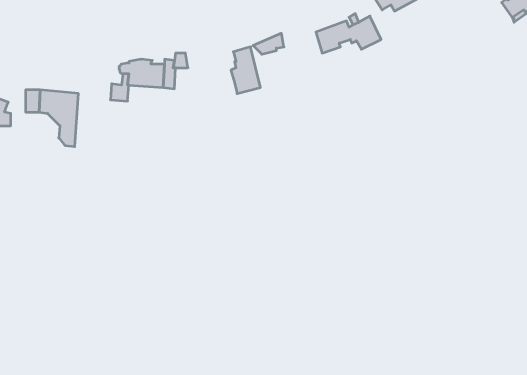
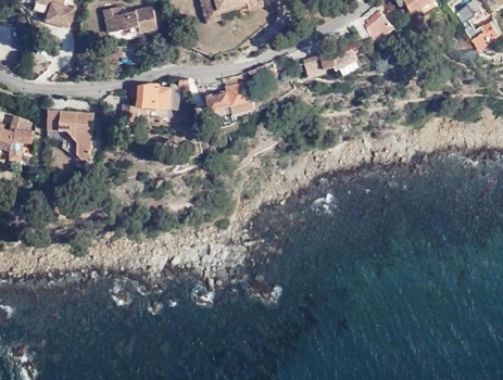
building: none -> [206,78,232,112]

